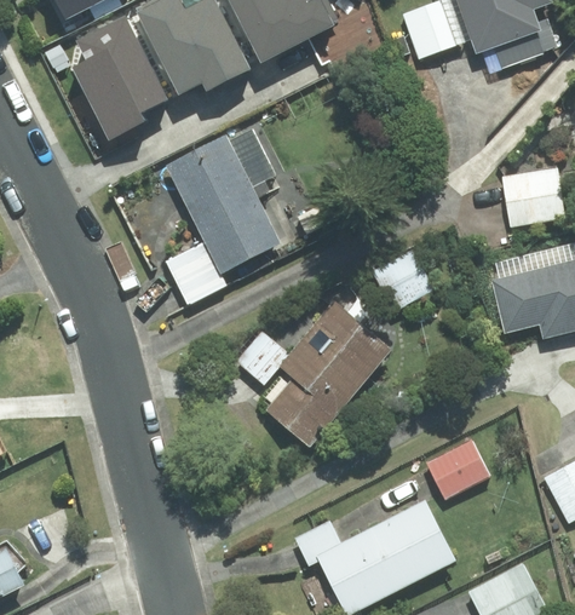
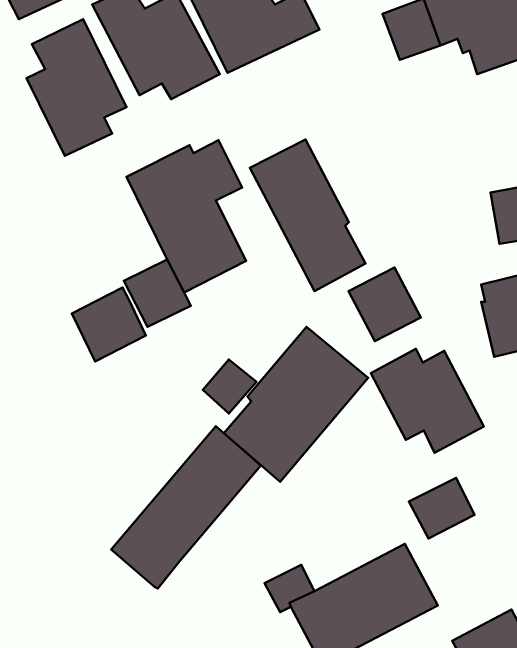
building: none -> [250,140,366,291]
building: none -> [72,287,146,362]
building: none -> [371,349,484,453]
building: none -> [111,426,261,589]

